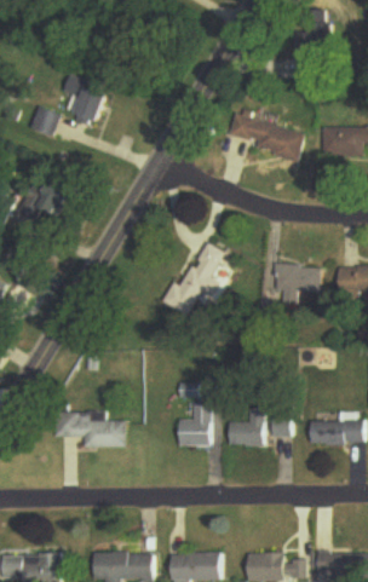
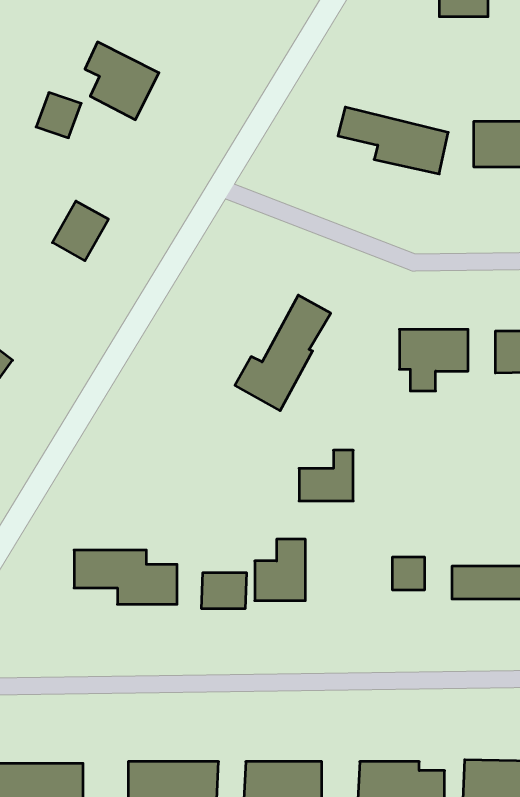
building: [225,411,261,445] -> [299,450,353,501]
building: none -> [202,573,246,609]

